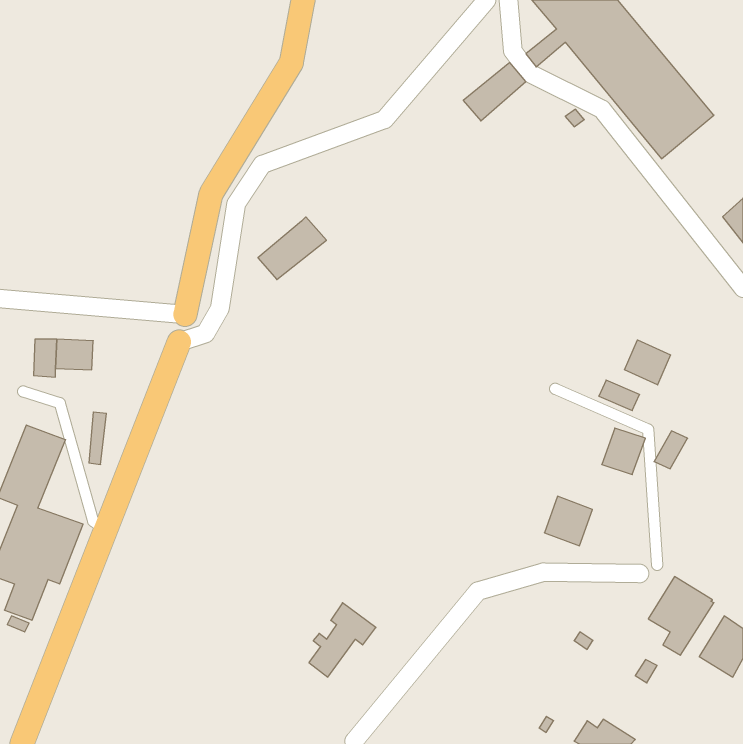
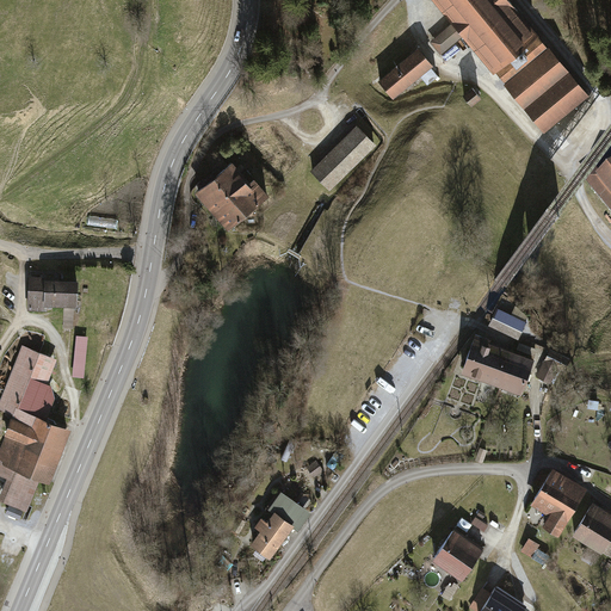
building: none -> [311,128,371,189]
building: none -> [196,163,247,211]
building: [624,340,671,385] -> none
building: [544,496,592,546] -> [464,340,504,381]
building: none -> [434,532,480,576]

